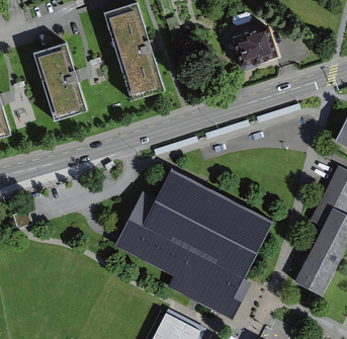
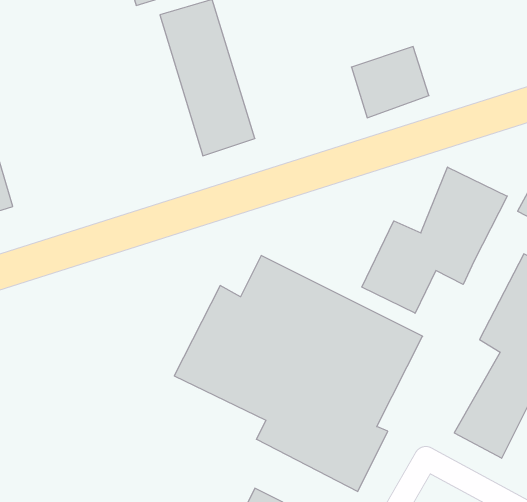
building: [32,45,86,122] -> none
building: none -> [362,167,507,313]

